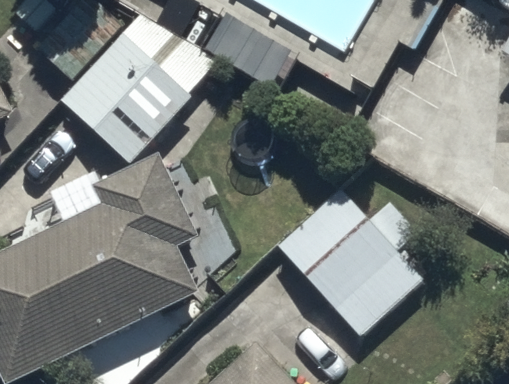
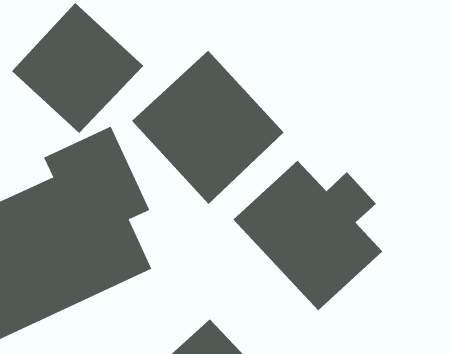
building: none -> [131,50,284,205]

